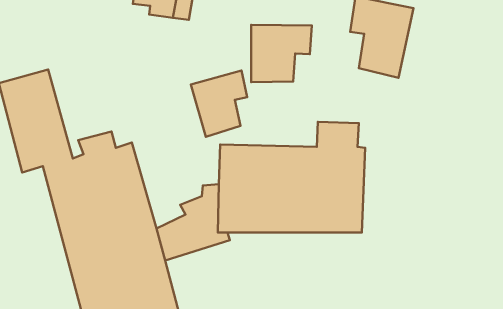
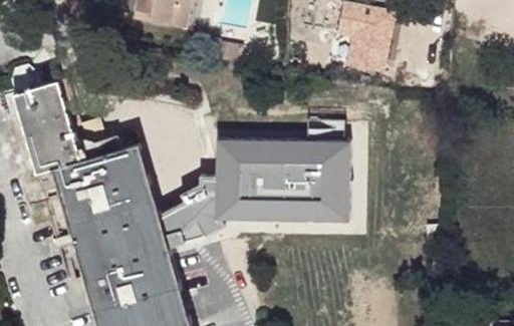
building: [251,25,312,82] -> none
building: [191,70,247,137] -> none

